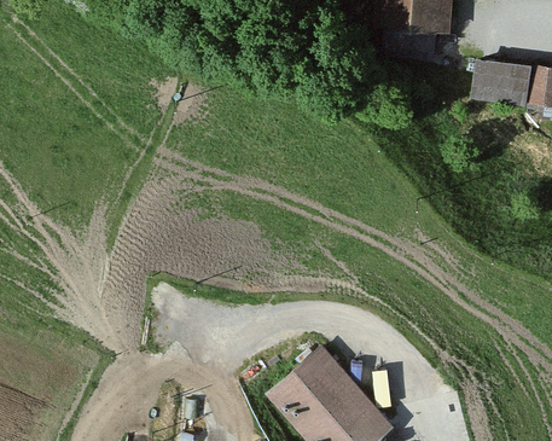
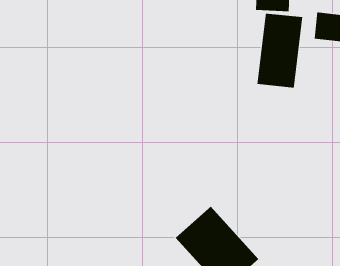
building: none -> [257,13,303,88]

